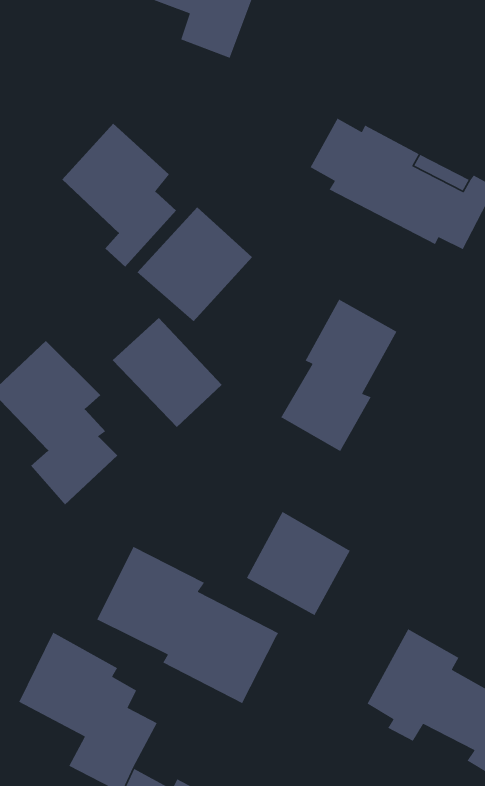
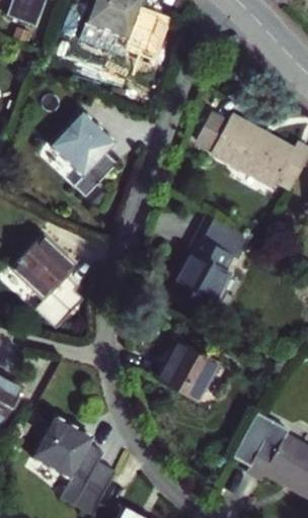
building: [136,207,253,322] -> none
building: [112,317,222,428] -> none
building: [96,546,279,704] -> none

